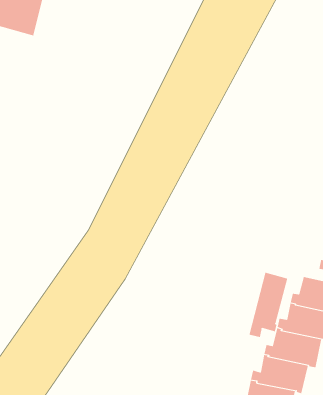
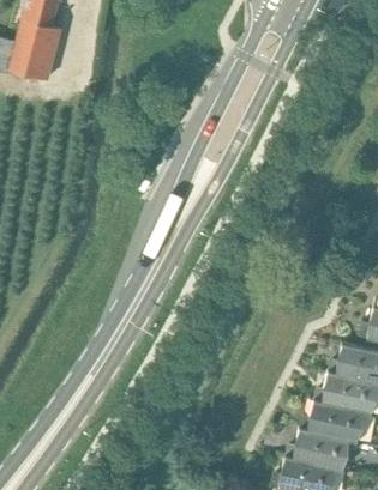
building: [249,272,288,338] -> none

